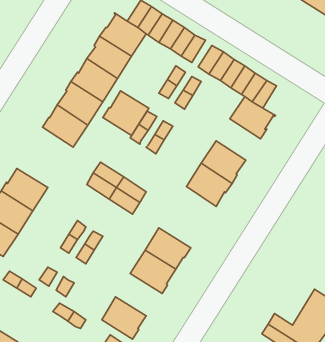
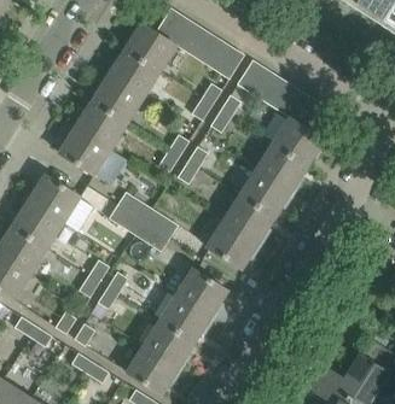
building: [103,91,149,136] -> none
building: none -> [257,142,308,189]
building: none -> [30,174,82,221]
building: none -> [207,219,257,268]
building: none -> [143,318,196,367]

